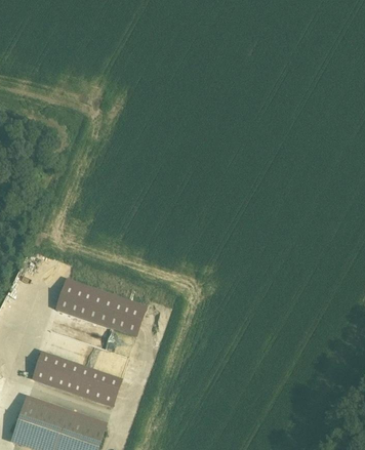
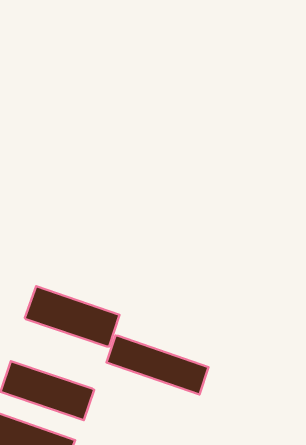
building: none -> [106,335,209,394]

